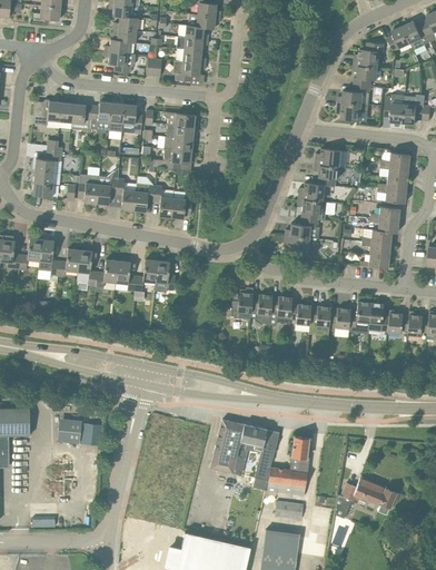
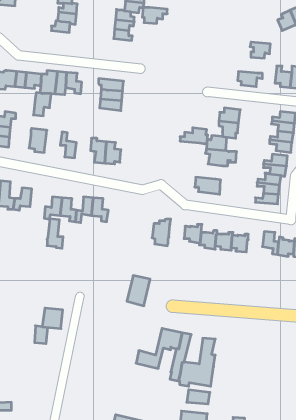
building: [354,42,384,68] -> none
building: [103,51,135,73] -> none
building: [174,61,205,81] -> [142,7,167,23]
building: [338,85,370,105] -> none
building: [152,148,191,169] -> none
building: [96,176,118,205] -> [33,93,51,116]
building: [133,183,155,212] -> none
building: [285,218,319,238] -> [180,128,208,144]
building: [77,249,97,286] -> [47,219,63,248]
building: [250,292,273,326] -> none
building: [348,302,370,333] -> none
building: [58,416,83,442] -> [42,308,63,329]
building: [214,420,242,458] -> [127,276,150,306]
building: [334,476,395,518] -> none

